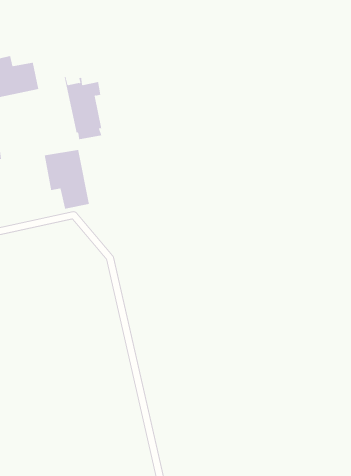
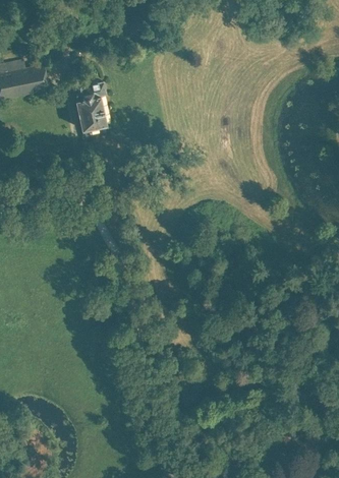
building: [44,149,89,209] -> none

